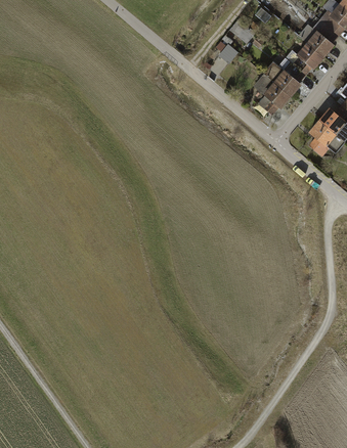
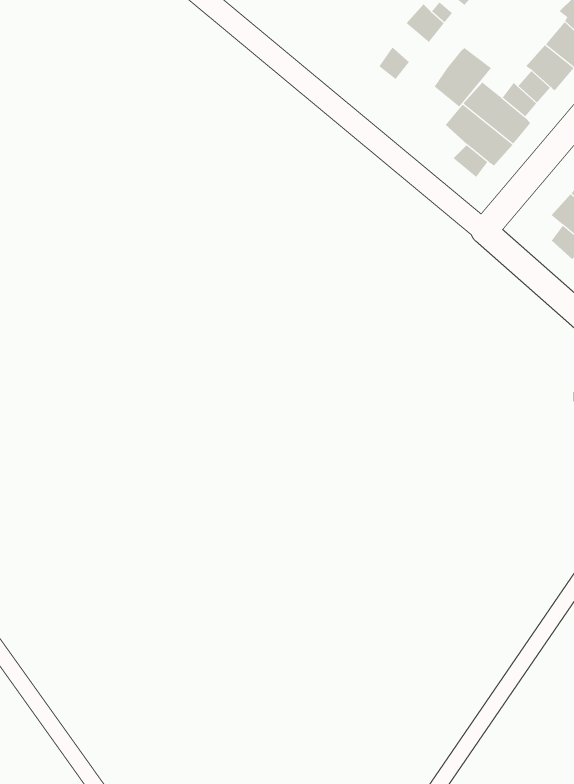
building: none -> [434,47,492,107]

